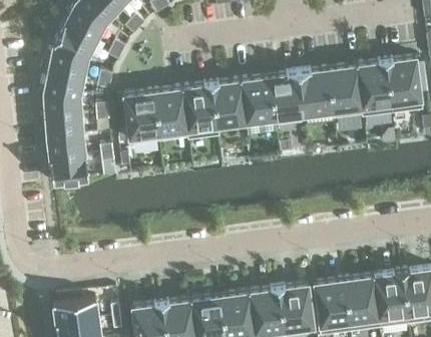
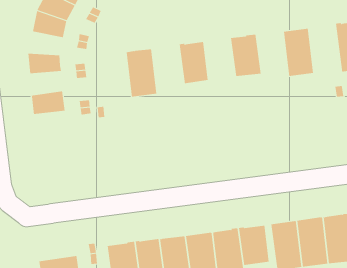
building: [357,59,394,117] -> none
building: [44,68,84,94] -> none
building: [299,68,335,126] -> none
building: [241,75,276,122] -> none
building: [182,82,220,139] -> none
building: [124,91,159,144] -> none
building: [46,112,83,139] -> none
building: [50,156,89,183] -> none
building: [53,297,99,324] -> none

